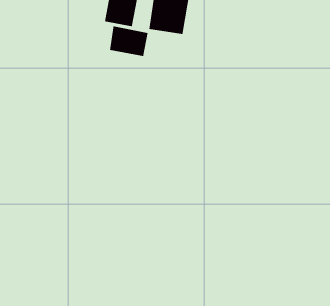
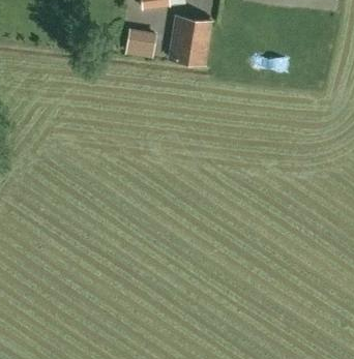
building: [110,25,148,57] -> none

